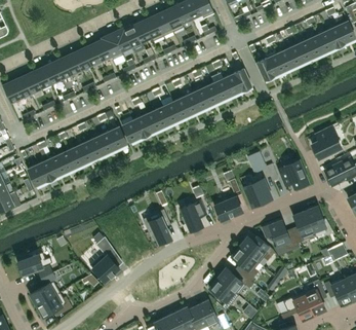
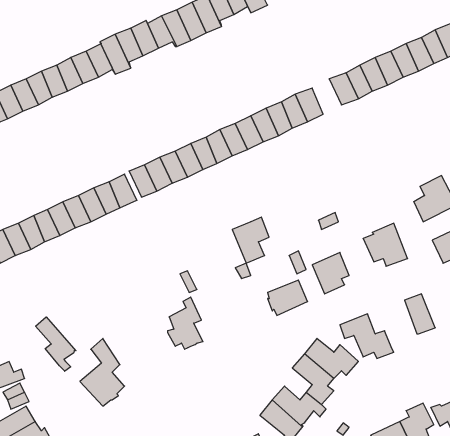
building: [181,200,205,231] -> [232,217,269,263]
building: [292,211,315,244] -> none
building: none -> [36,317,76,371]

